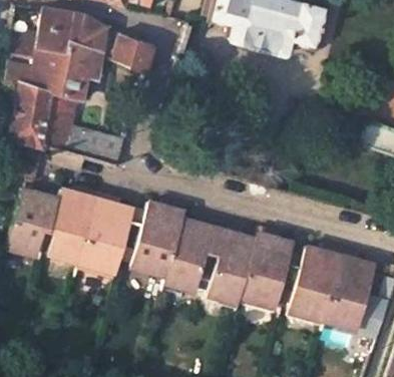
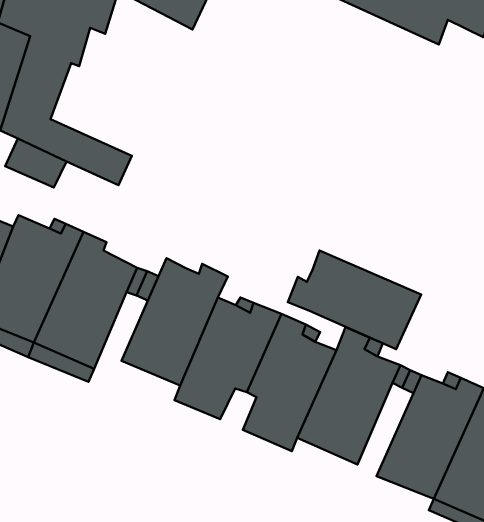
building: none -> [288,250,421,349]

